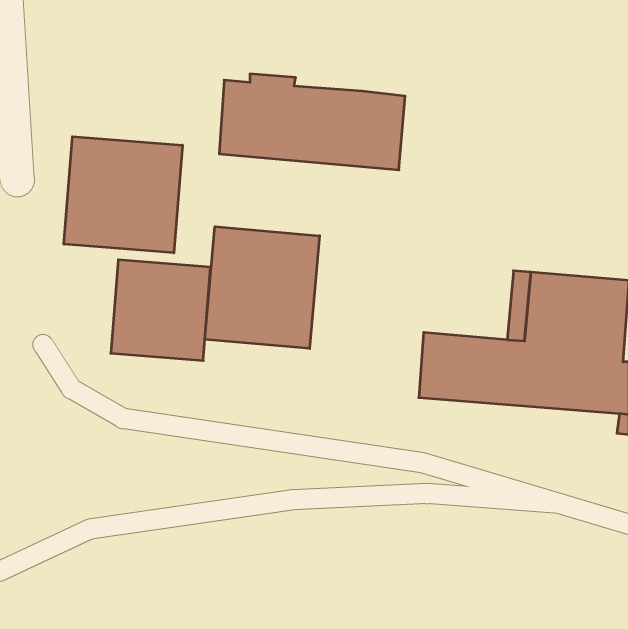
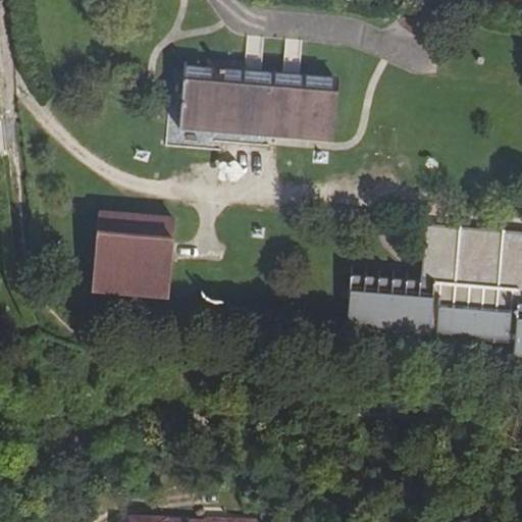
building: [64,137,182,253] -> none
building: [205,227,320,349] -> none

